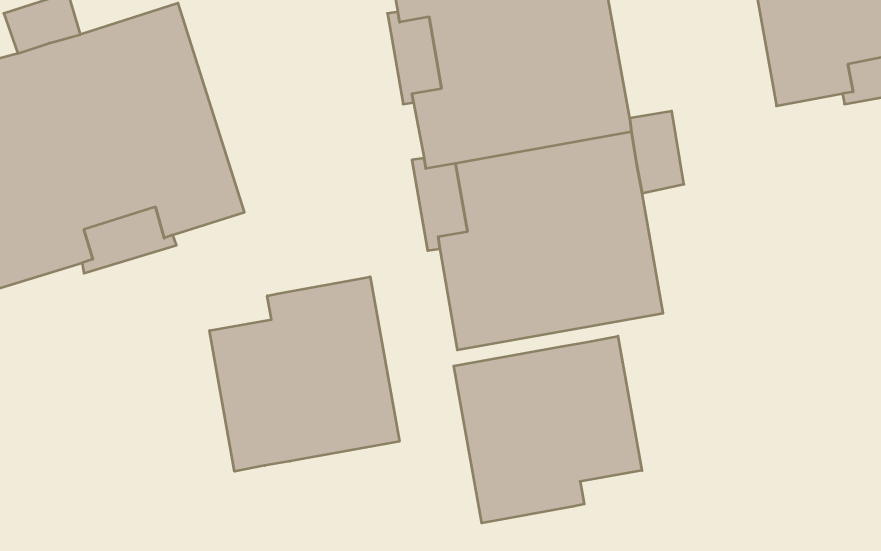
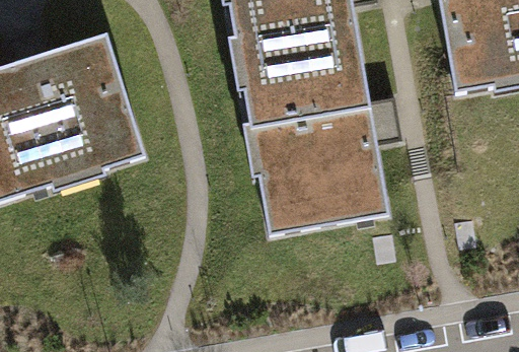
building: [210,277,399,471] -> none
building: [454,336,642,523] -> none

